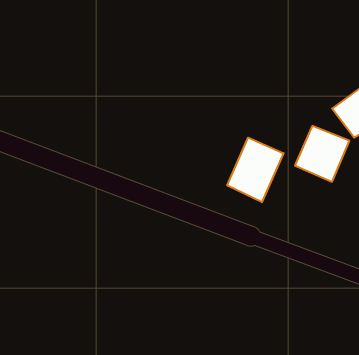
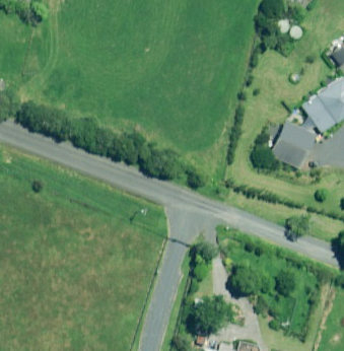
building: [227,138,284,202] -> none

